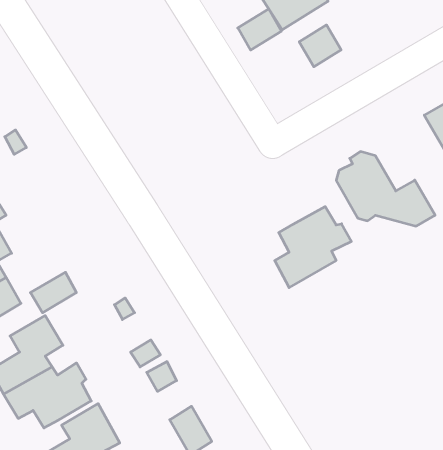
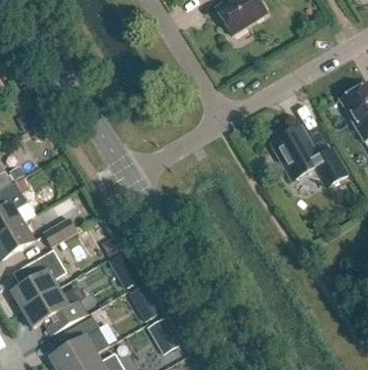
building: [238,9,281,50] -> none
building: [299,25,341,67] -> none
building: [275,207,351,288] -> none

